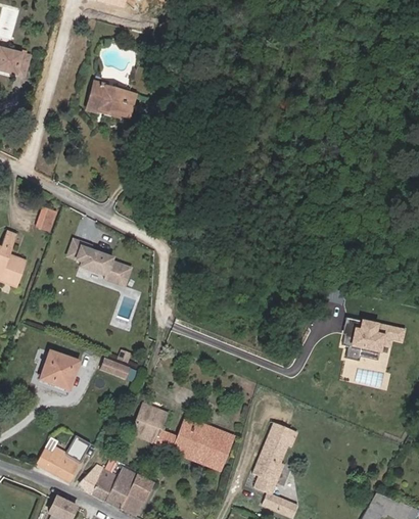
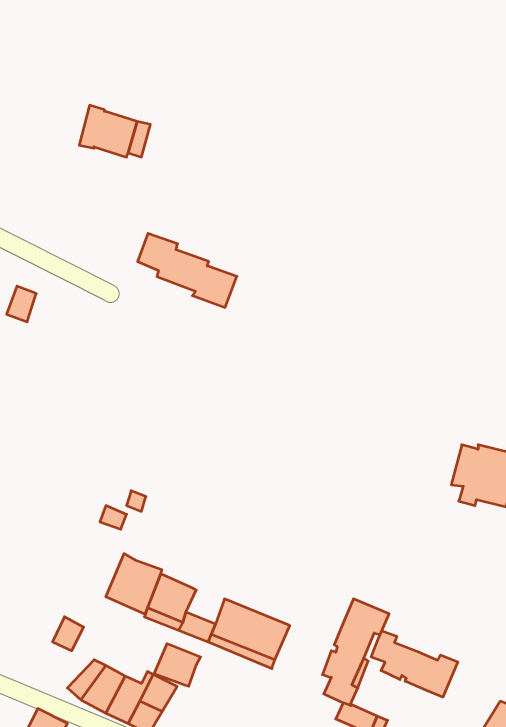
building: [64,237,133,288] -> [138,233,237,307]
building: [41,350,78,387] -> none
building: none -> [106,554,162,614]
building: none -> [371,630,458,697]
building: none -> [154,644,201,686]
building: [44,453,80,480] -> none

